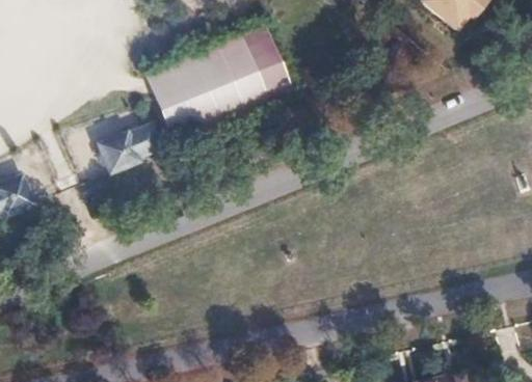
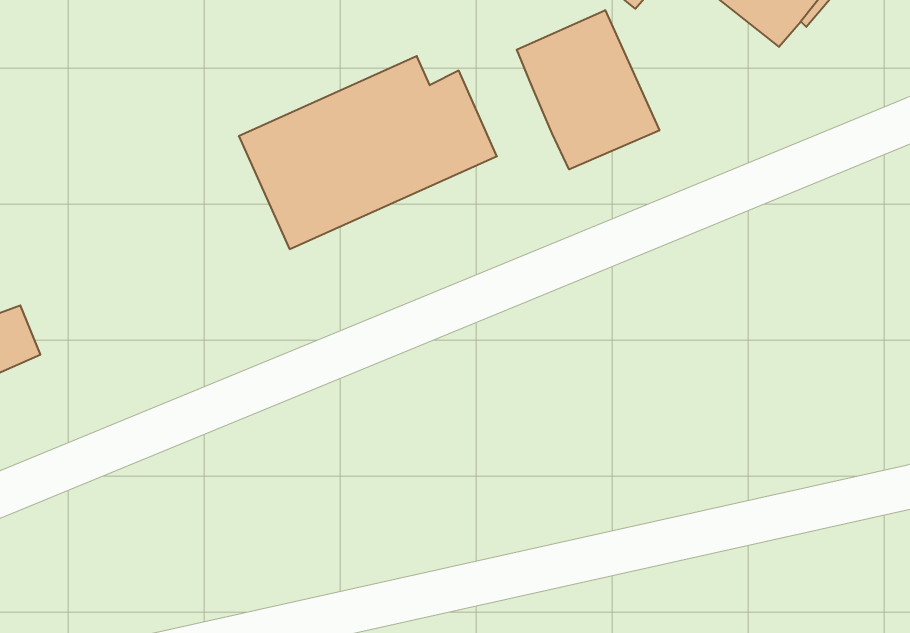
building: none -> [517,10,659,169]
building: [99,122,162,171] -> none

